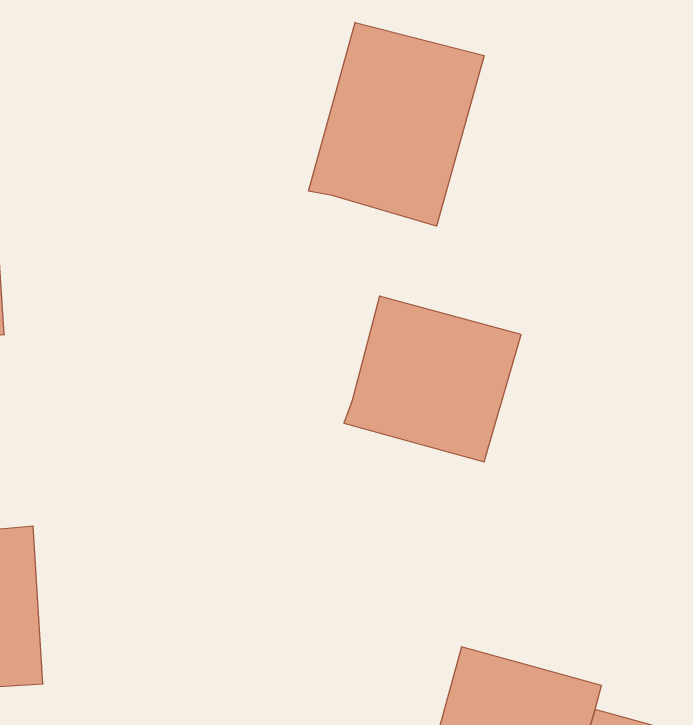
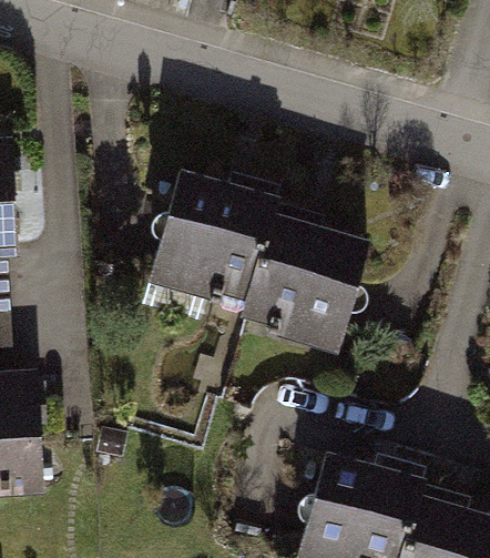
building: [309,22,484,226] -> none
building: none -> [149,186,268,301]

